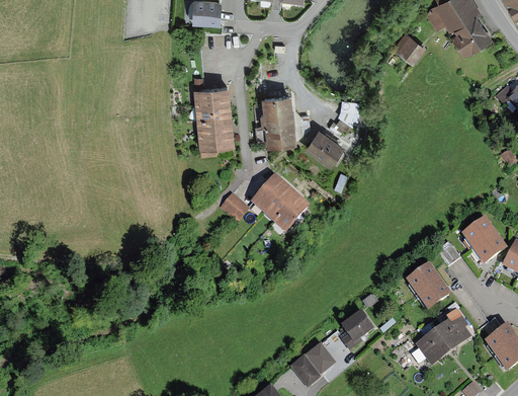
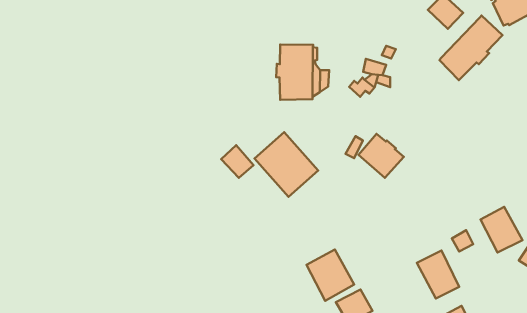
building: none -> [439,16,502,80]
building: [193,75,234,156] -> none
building: [304,127,345,166] -> [359,134,404,178]
building: none -> [306,250,354,301]

